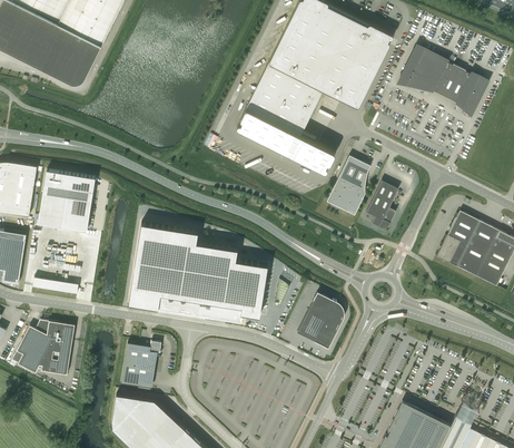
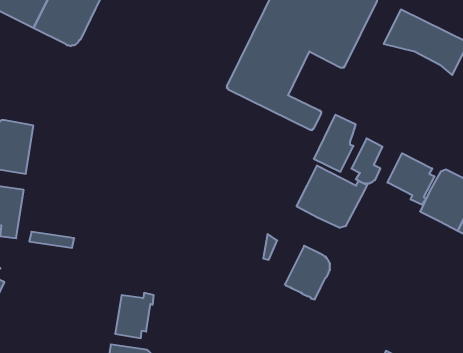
building: [39,172,97,232] -> none
building: none -> [387,153,435,205]
building: none -> [297,165,367,228]
building: [129,223,268,320] -> none
building: [12,320,76,374] -> none

